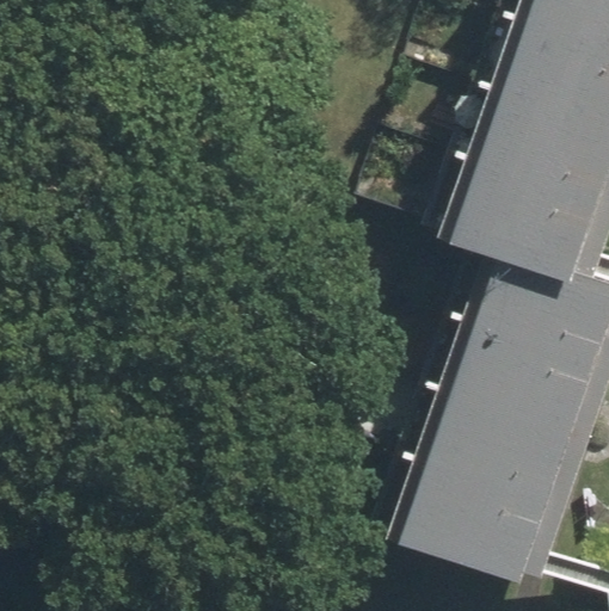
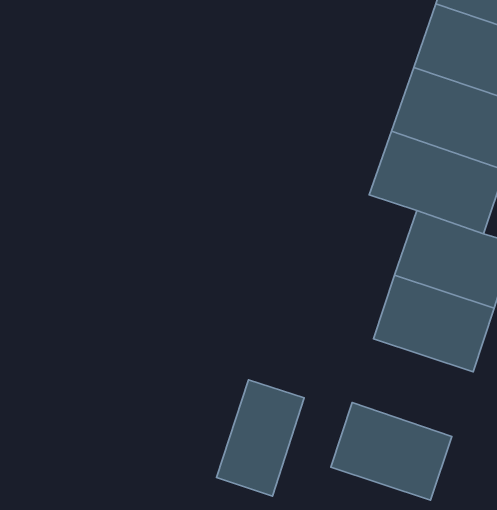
building: [431,397,567,507] -> none
building: none -> [216,380,304,496]

